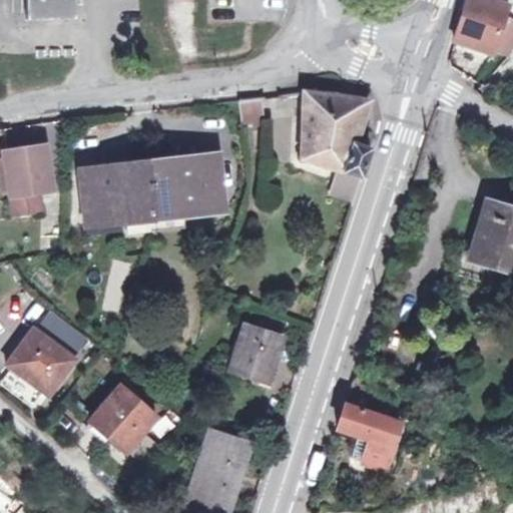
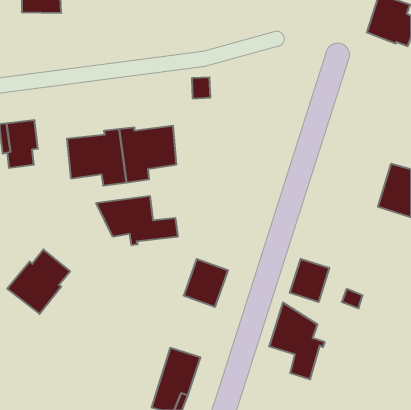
building: [302,91,369,175] -> none
building: none -> [96,196,178,245]
building: none -> [290,259,329,302]
building: [86,384,157,449] -> none

